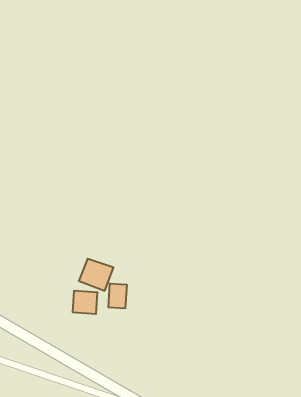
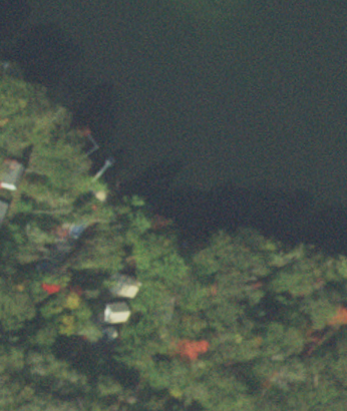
building: [108,283,127,308] -> none

